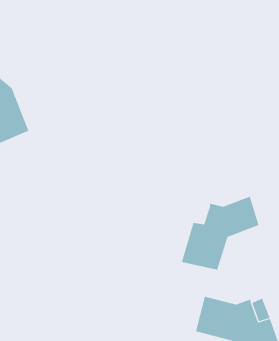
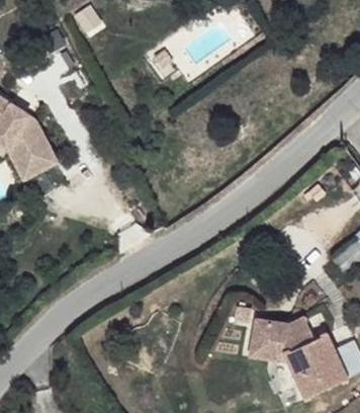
building: [181,196,259,271] -> none

